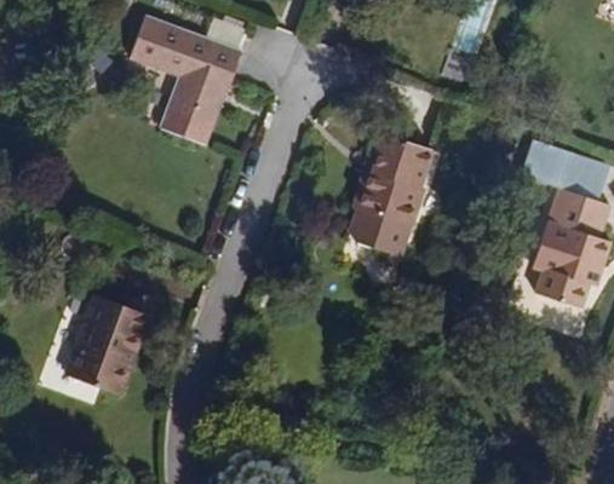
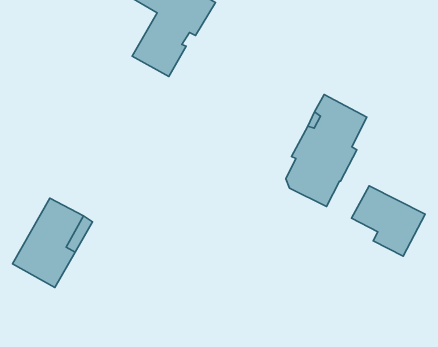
building: none -> [352,186,425,256]

